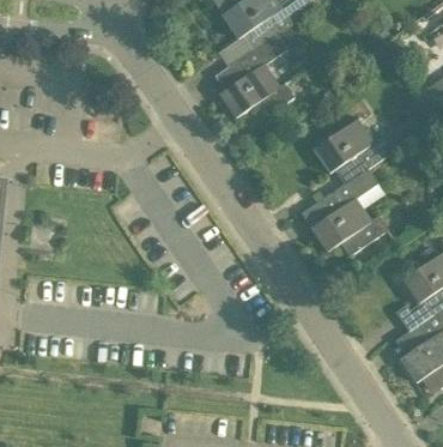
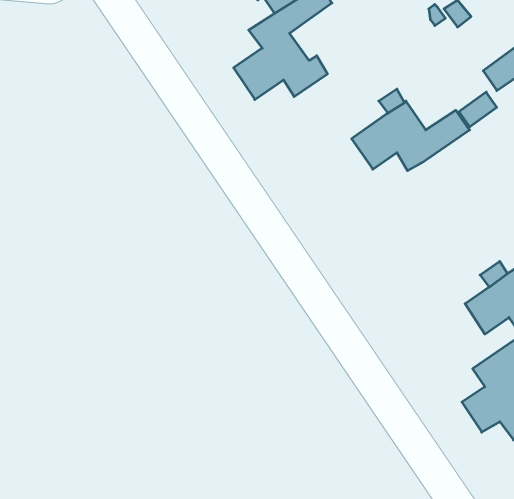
building: [310,167,388,254] -> none

